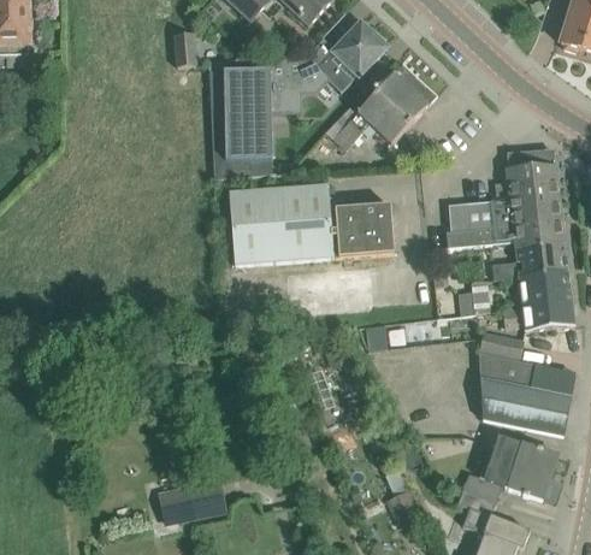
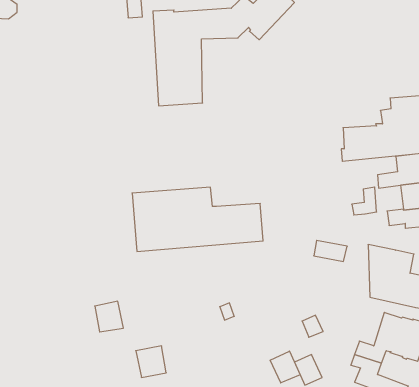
building: [326,63,436,149] -> none
building: [229,183,394,264] -> [132,187,263,251]
building: [481,331,524,358] -> [314,240,347,261]
building: [158,484,194,522] -> [95,301,123,332]
building: none -> [270,351,300,383]

